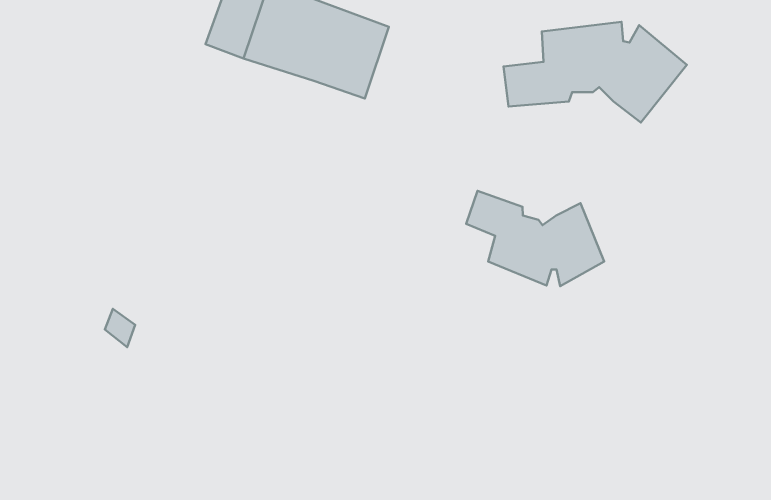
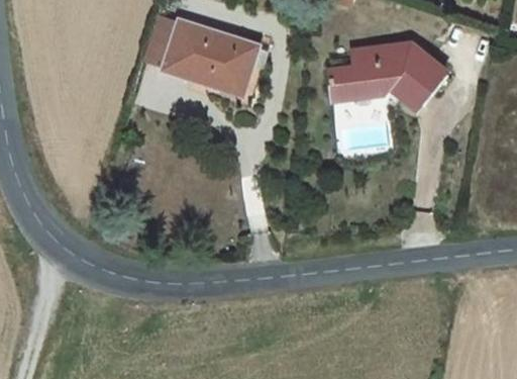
building: [466,191,604,286] -> none

